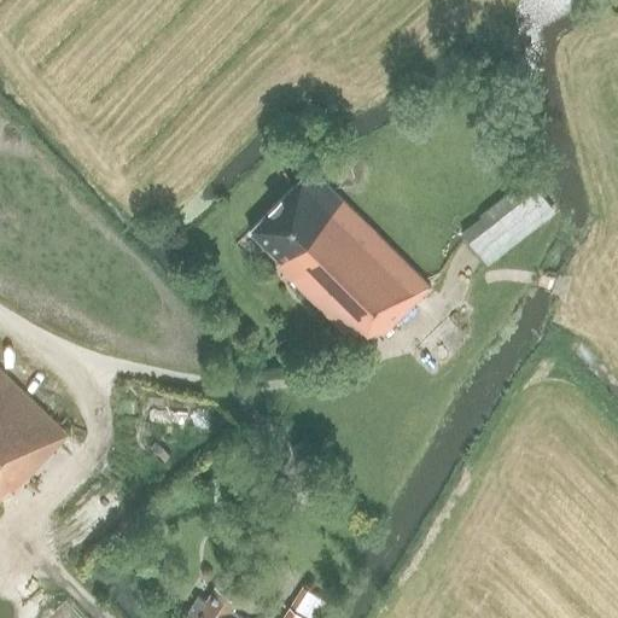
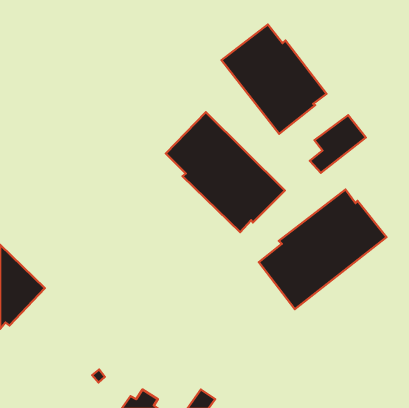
building: none -> [221,25,327,134]
building: none -> [259,190,386,309]

